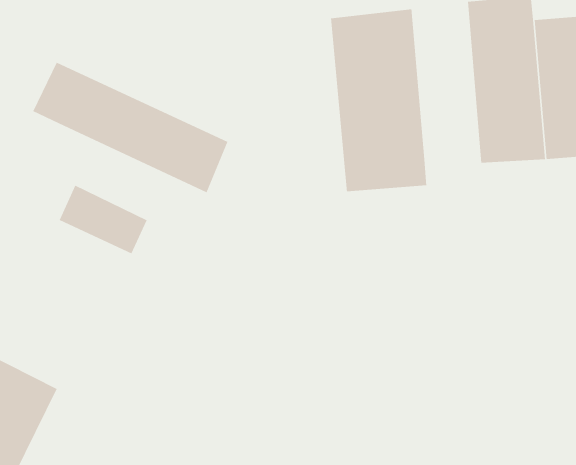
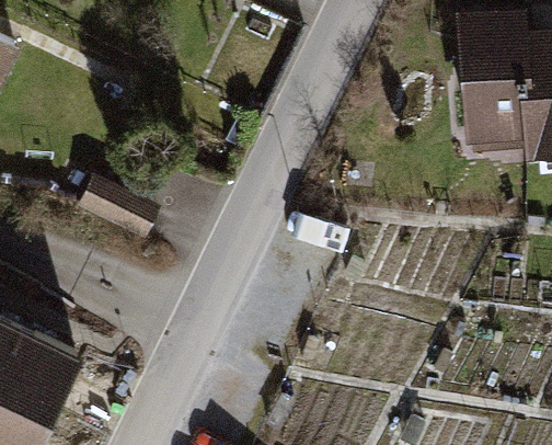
building: [330,8,427,192] -> none
building: [33,62,228,193] -> none

